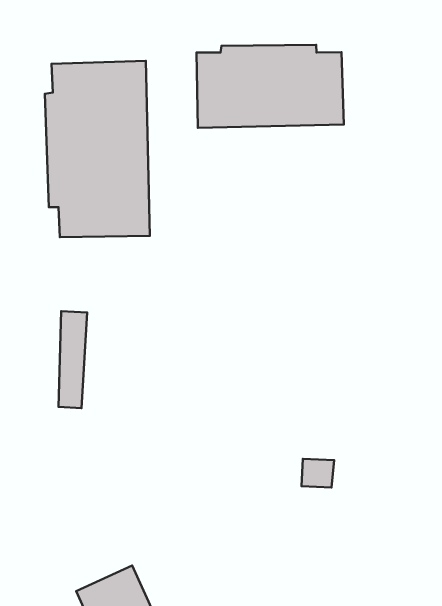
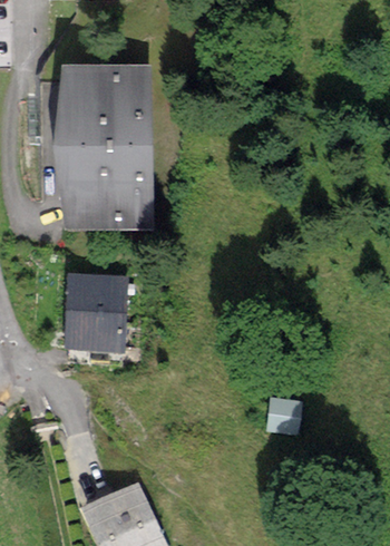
building: [197,45,344,128] -> none
building: none -> [91,275,119,354]

